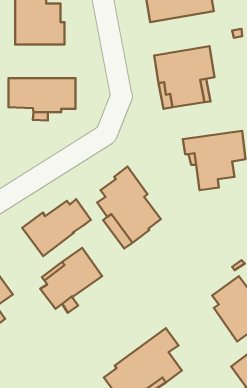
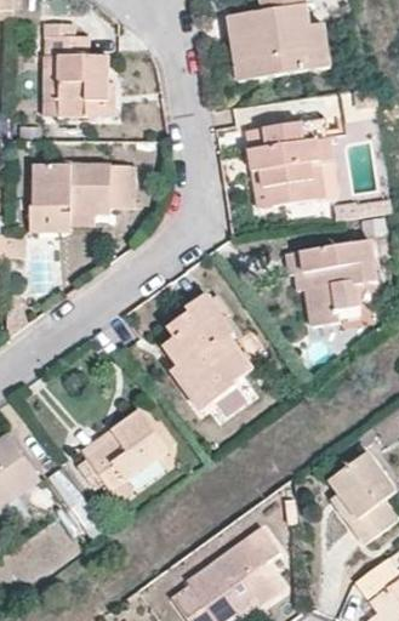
building: [22,199,91,256] -> none

